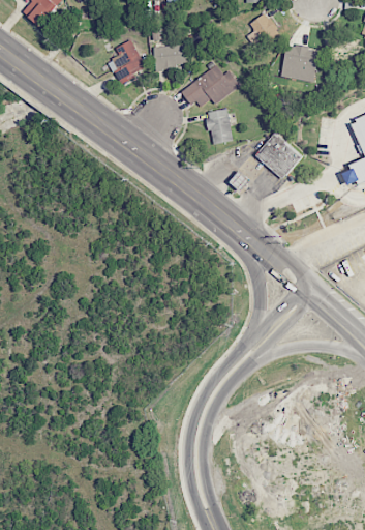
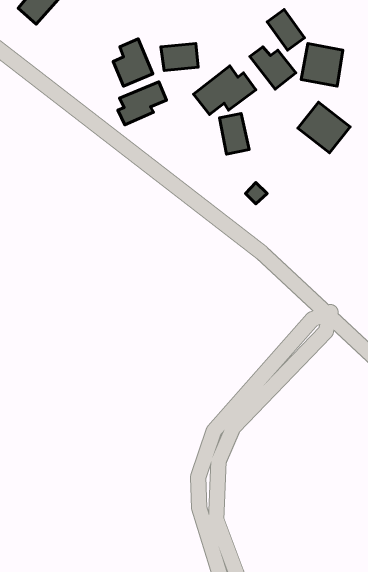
building: none -> [250,47,296,89]
building: none -> [118,82,166,125]
building: [255,132,303,179] -> [298,102,350,153]

